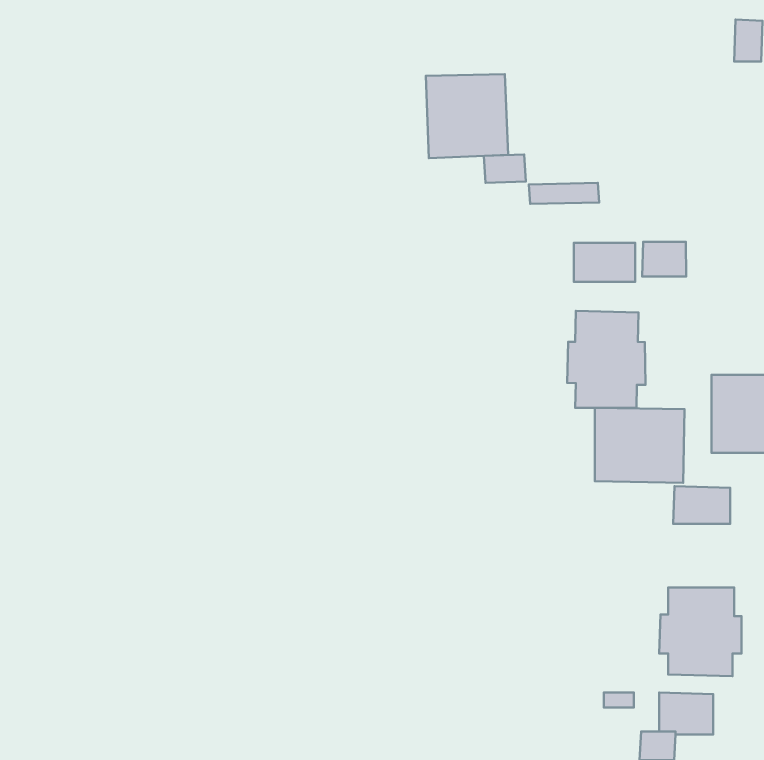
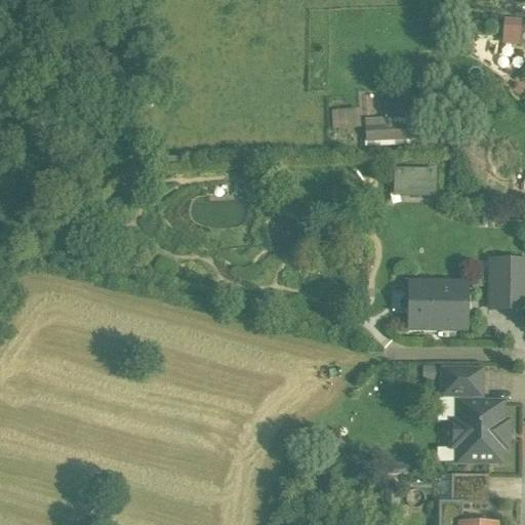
building: [426,74,508,158] -> none
building: [642,242,686,277] -> none
building: [567,311,645,408] -> none
building: [673,486,730,524] -> [443,369,482,395]

